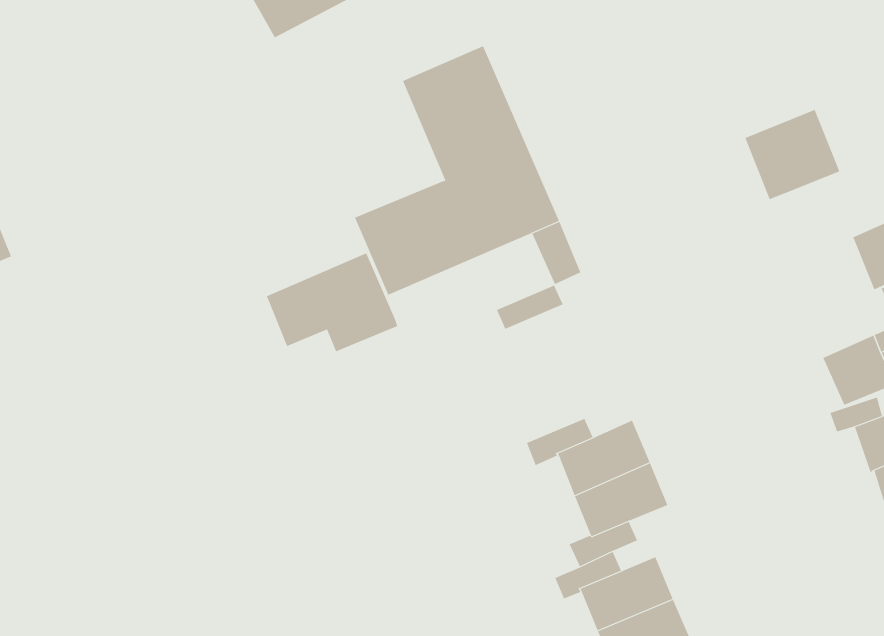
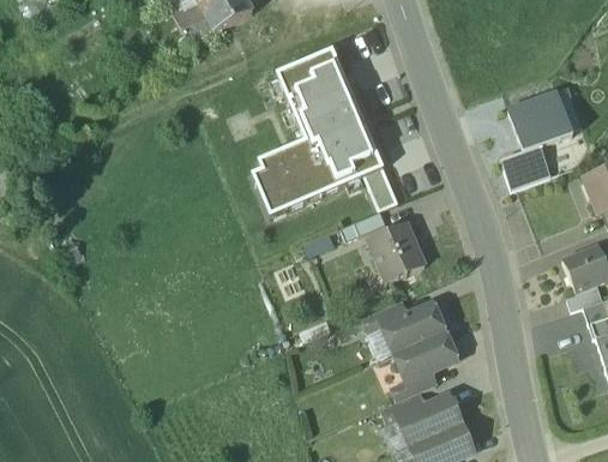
building: none -> [501,146,552,190]
building: [266,252,398,352] -> none
building: none -> [367,223,425,280]

